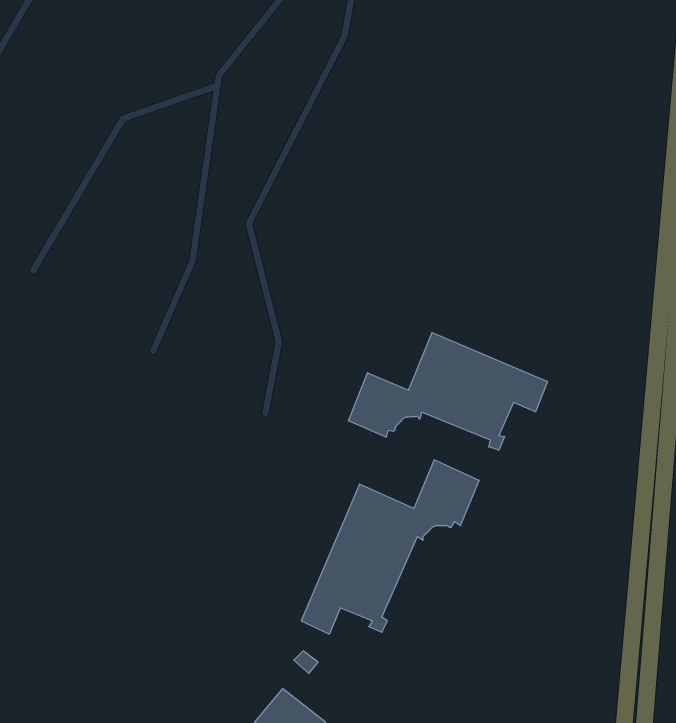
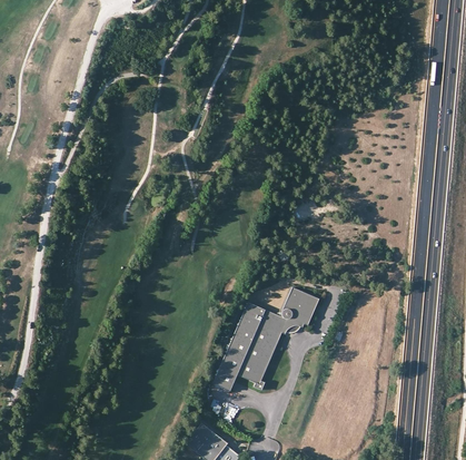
building: [348,332,547,450] -> none

